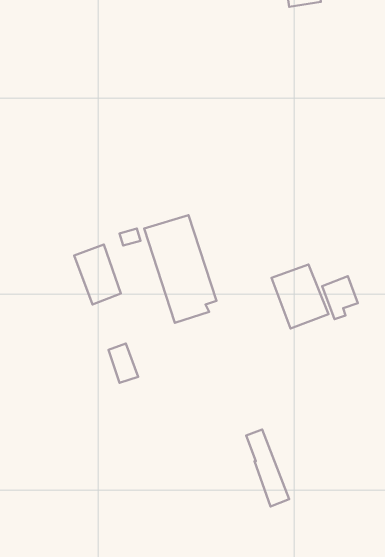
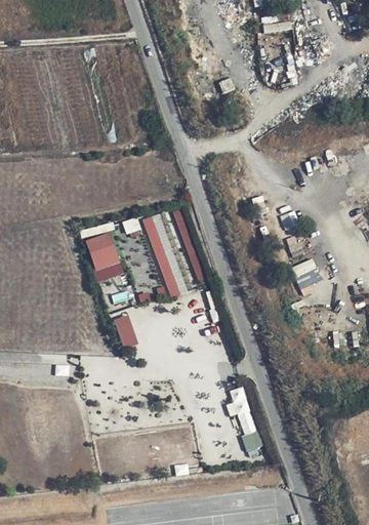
building: [272,264,329,328] -> none

